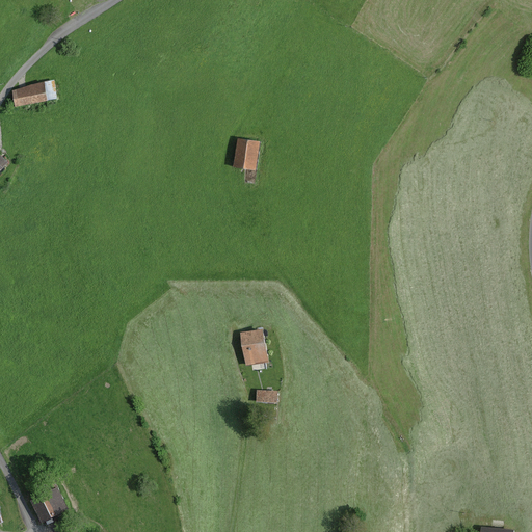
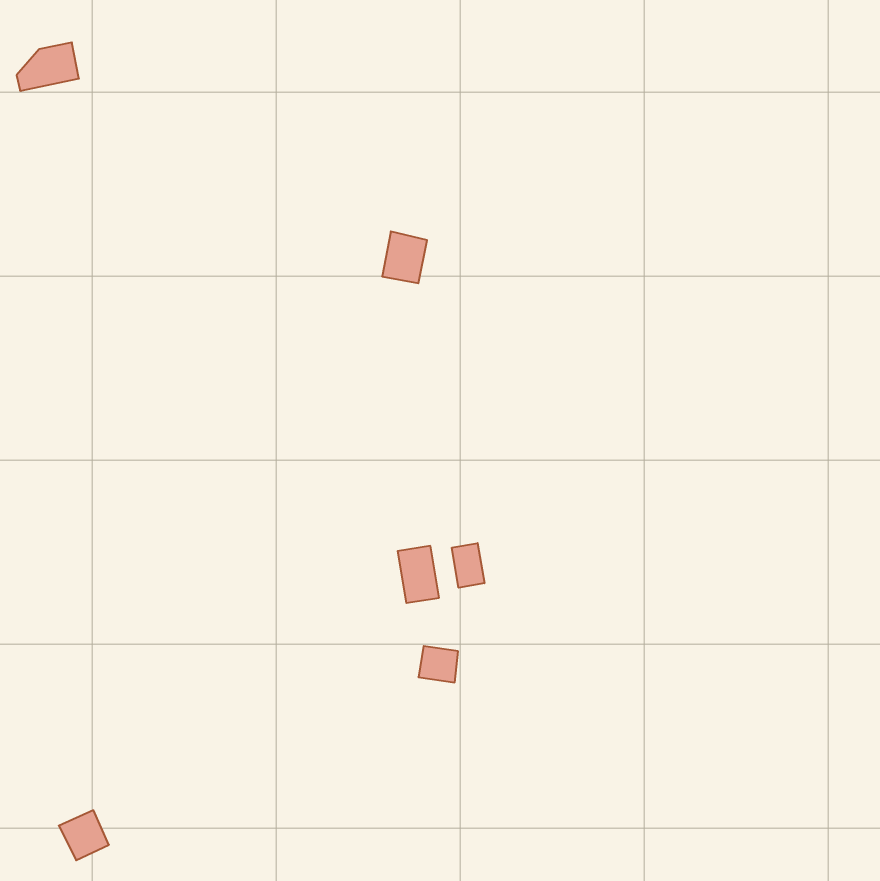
building: [12,82,50,111] -> [17,42,79,91]
building: none -> [452,543,484,588]

